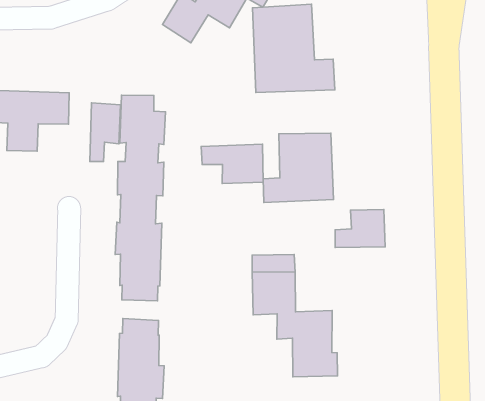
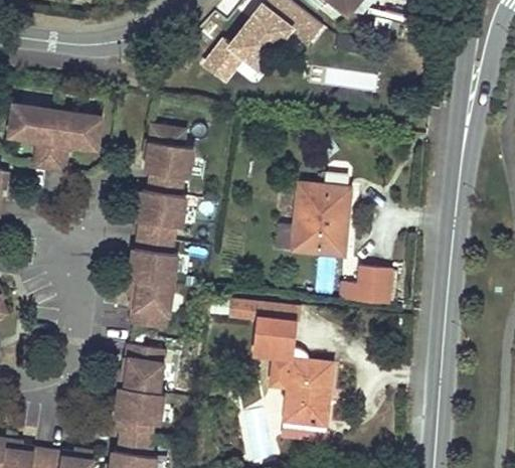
building: [252,4,335,93] -> none
building: [90,103,120,162] -> none
building: [201,144,263,183] -> none

